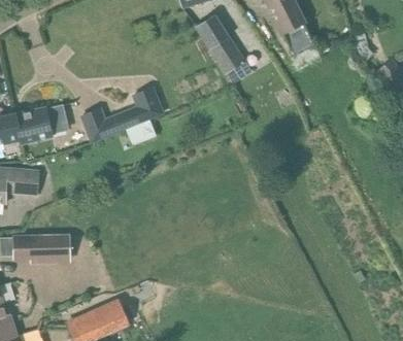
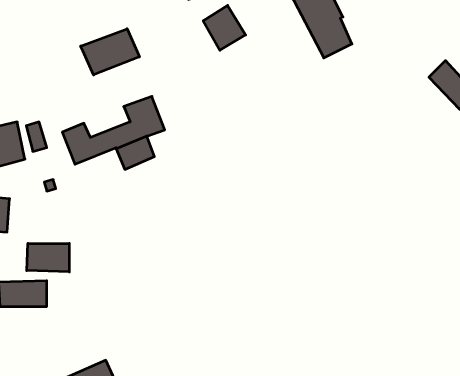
building: none -> [81,29,139,75]
building: [210,40,244,74] -> none
building: none -> [27,243,69,272]

